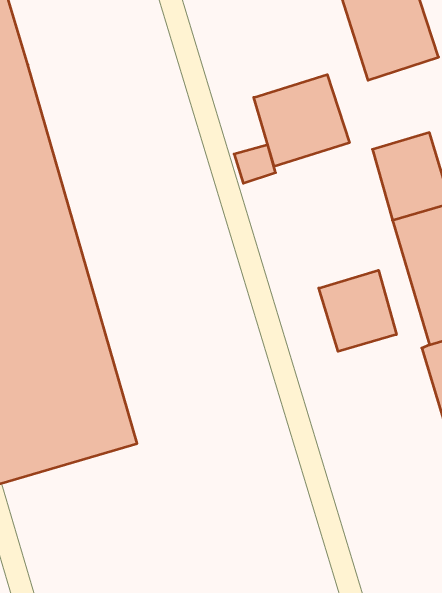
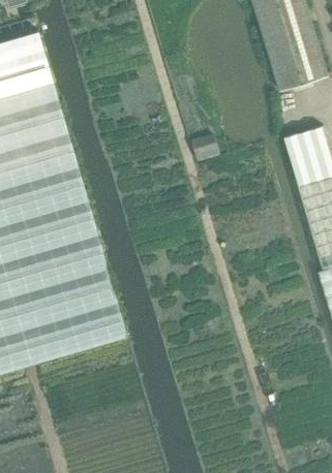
building: [254,75,349,167] -> none
building: [319,270,396,351] -> none

